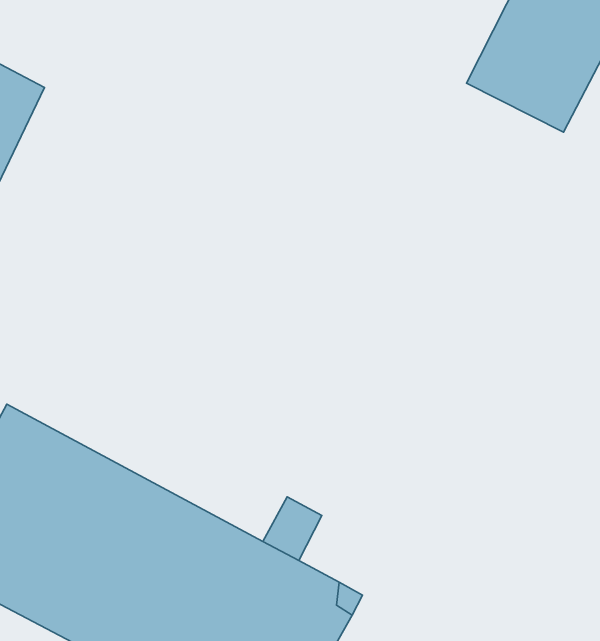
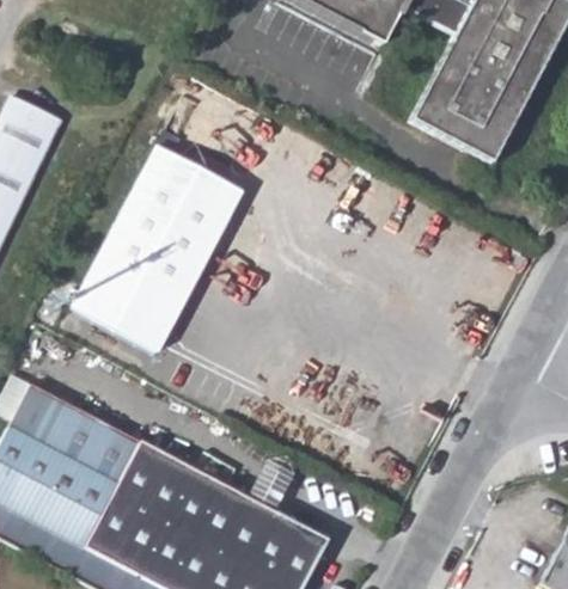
building: none -> [72,147,243,351]

